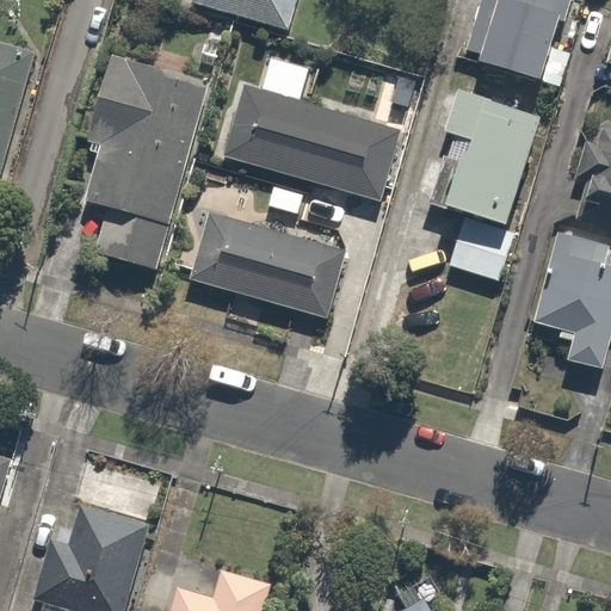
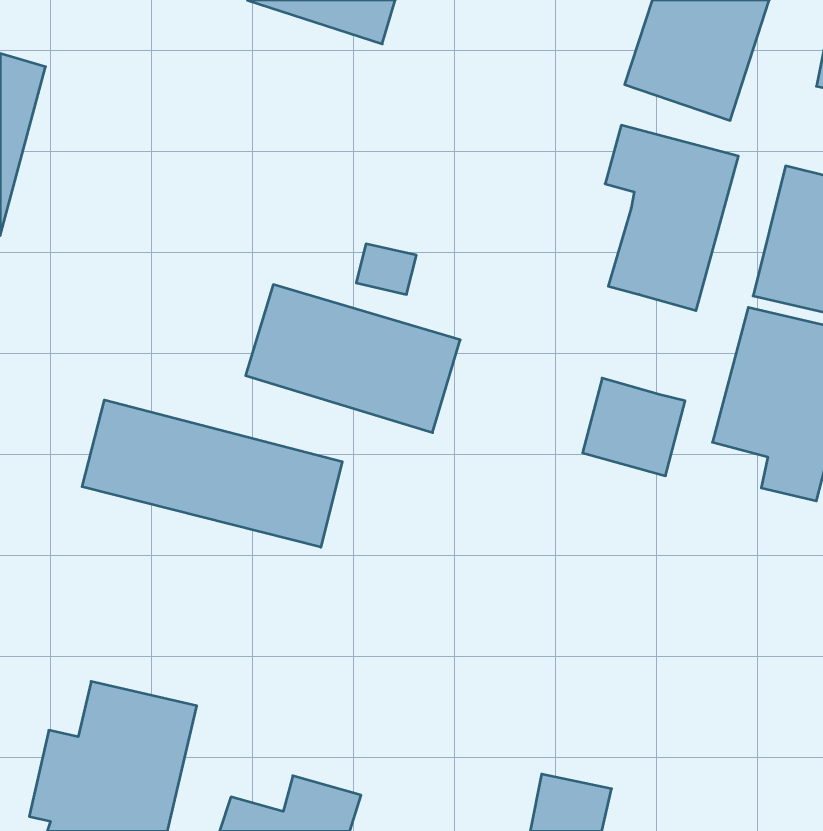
building: [76,53,206,270] -> none
building: [221,87,394,200] -> none
building: [443,212,518,284] -> [583,378,685,476]
building: none -> [82,400,342,547]

